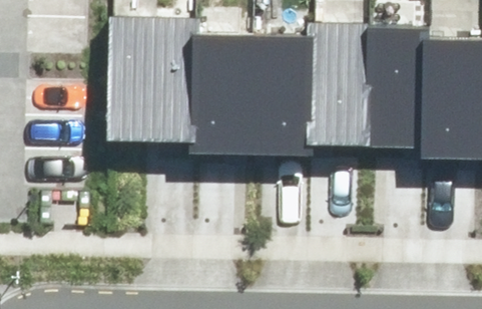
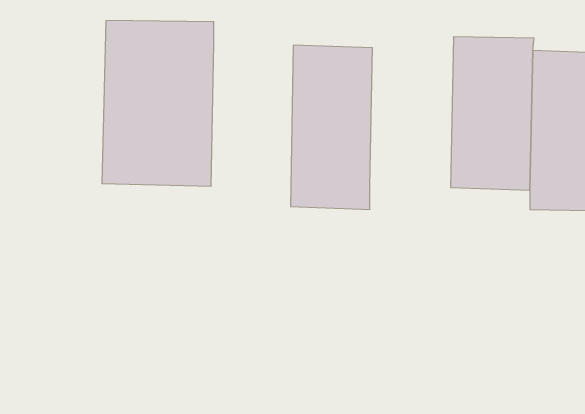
building: [310,25,371,140] -> none
building: [192,35,254,155] -> none

